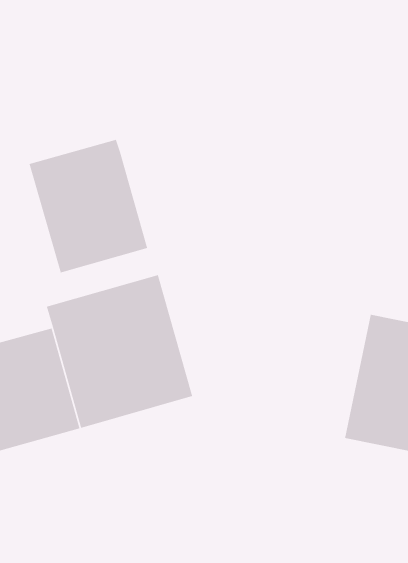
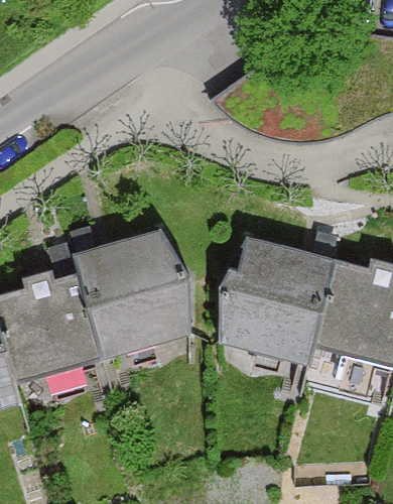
building: [29,139,148,273] -> none
building: none -> [229,243,339,363]

